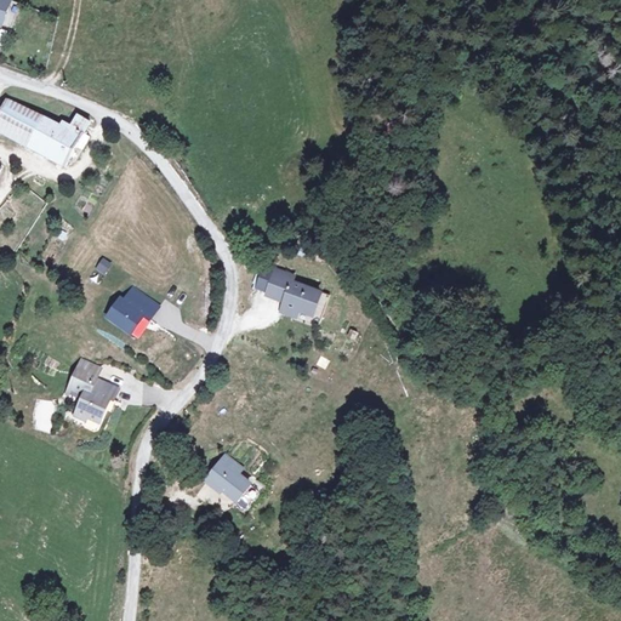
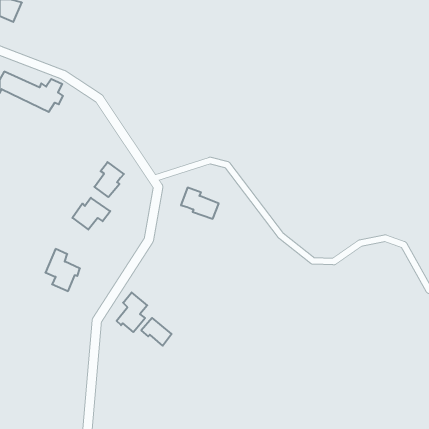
building: none -> [94,162,124,197]
building: none -> [117,292,147,332]

